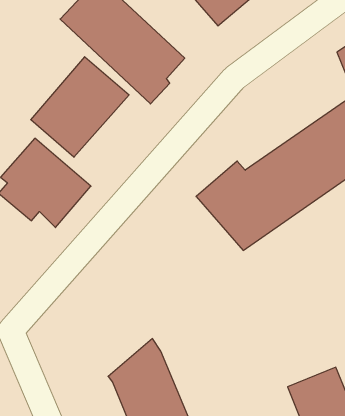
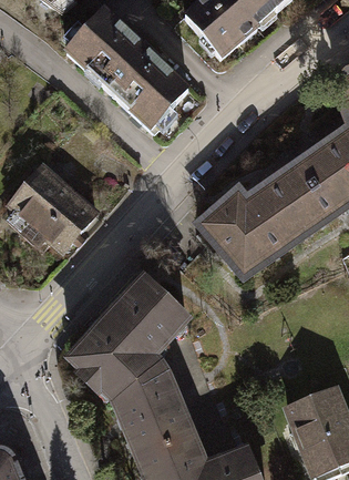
building: [31,57,129,157] -> none
building: none -> [71,276,186,394]

